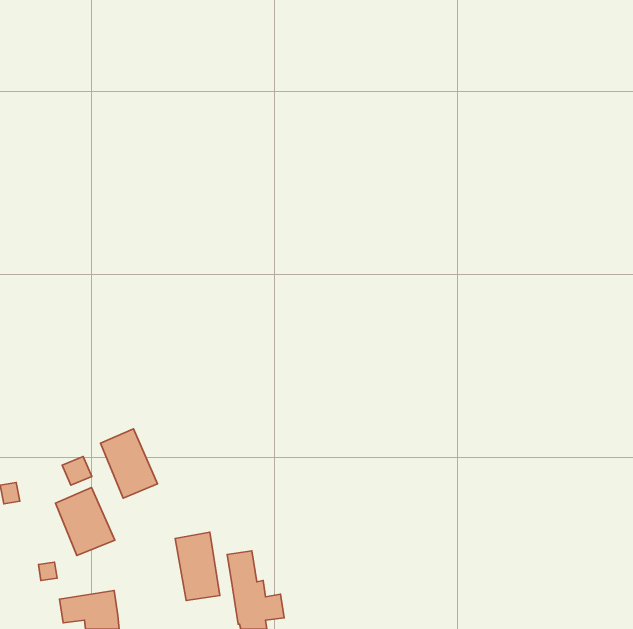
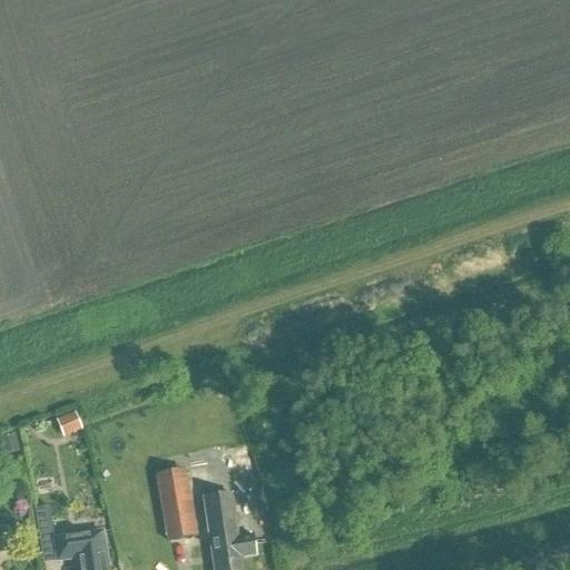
building: [101,429,158,498] -> none
building: [56,488,115,556] -> none

